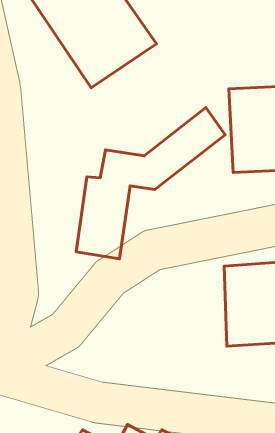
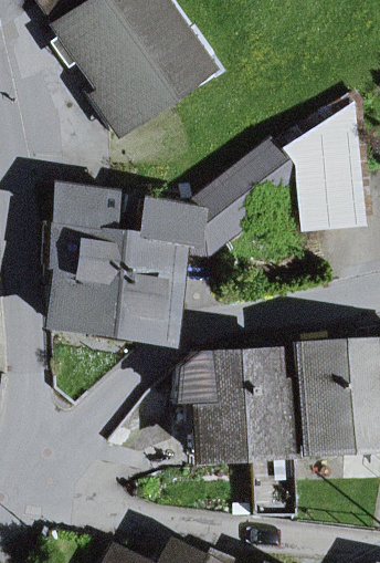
building: none -> [48,189,122,330]
building: none -> [176,347,297,455]

